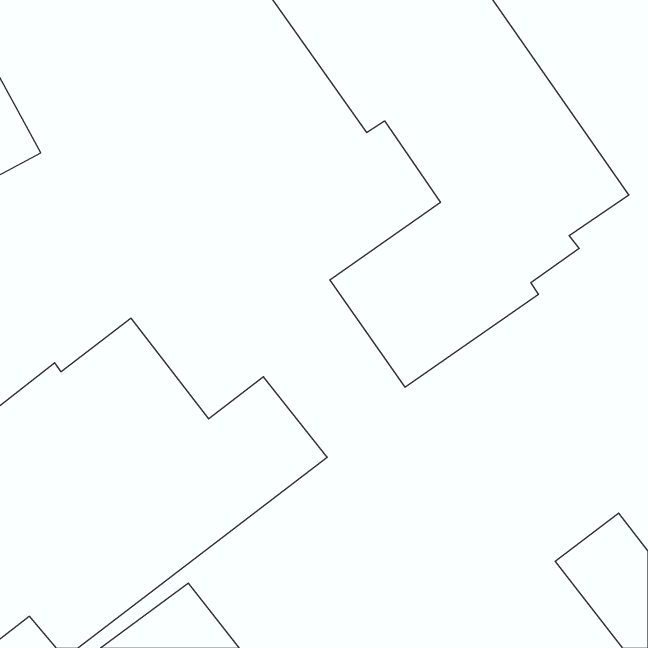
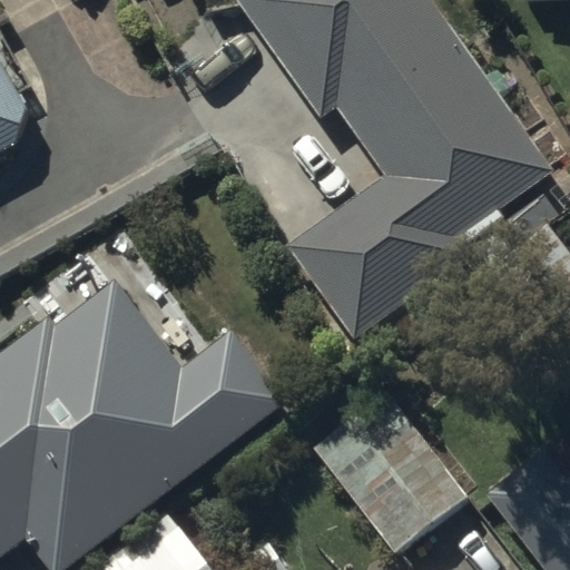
building: none -> [313,392,465,551]

